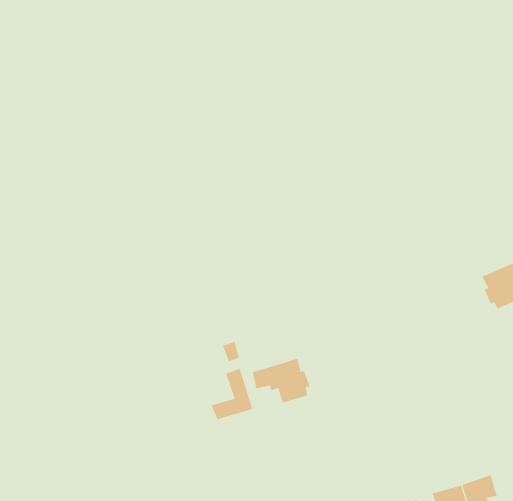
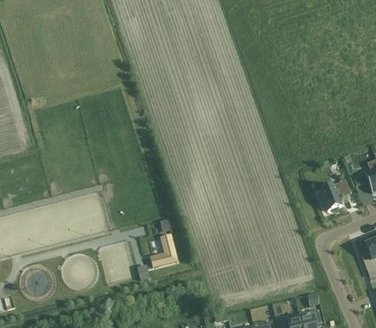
building: [252,358,310,404] -> none

